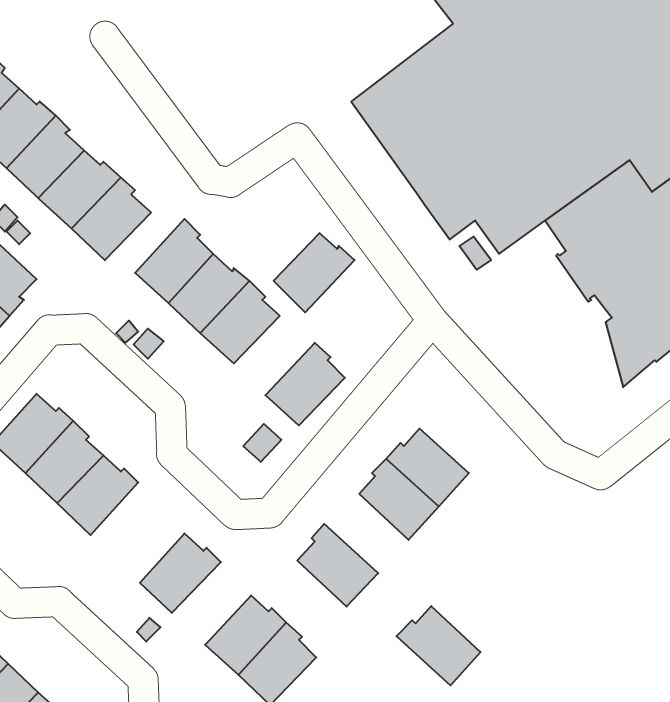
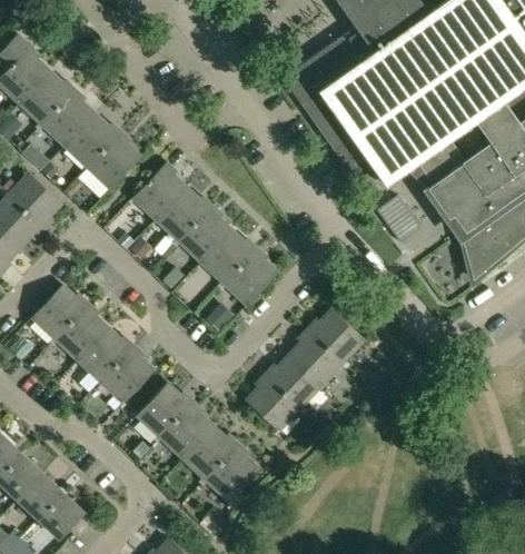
building: [274,233,355,312] -> [200,228,257,284]
building: none -> [100,345,155,403]
building: none -> [157,400,212,458]
building: [396,606,481,685] -> [264,353,323,408]

